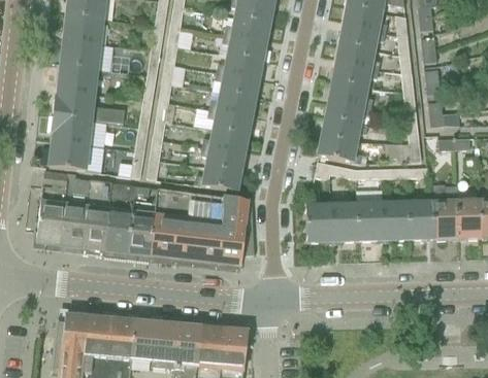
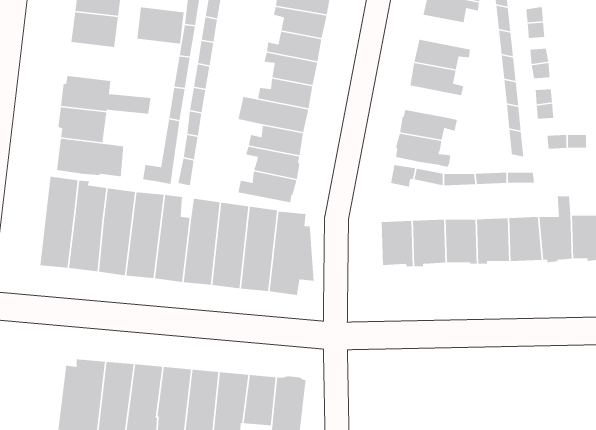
building: [337,43,381,70] -> none
building: [59,65,97,95] -> [136,7,185,44]
building: [326,99,371,124] -> none

